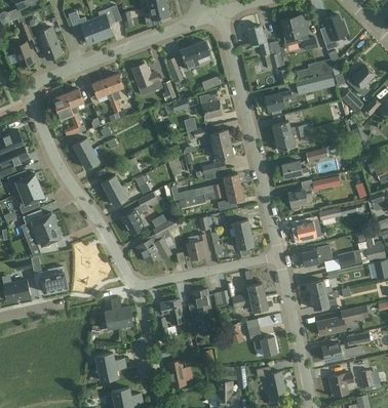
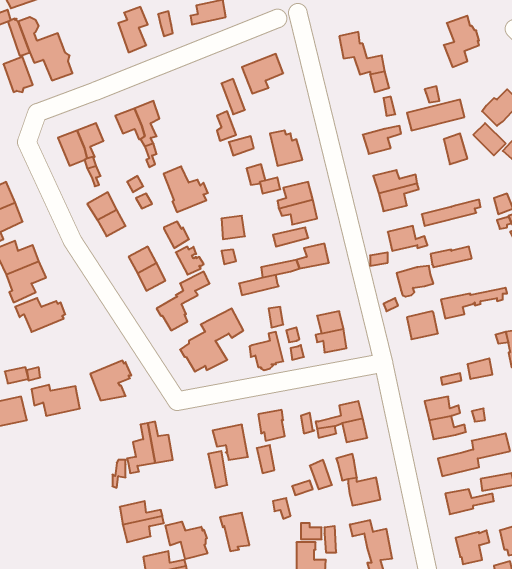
building: [68,10,101,43] -> none
building: [281,14,316,49] -> none
building: [131,63,162,94] -> [164,166,208,212]
building: [217,186,243,210] -> none
building: [33,225,62,252] -> [90,361,131,400]
building: [301,244,332,266] -> none
building: none -> [166,522,207,559]

